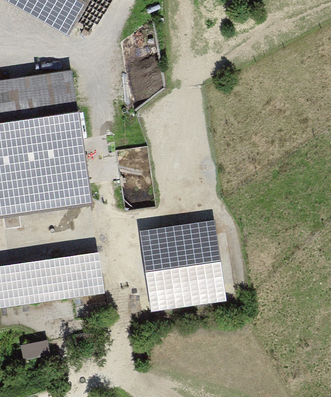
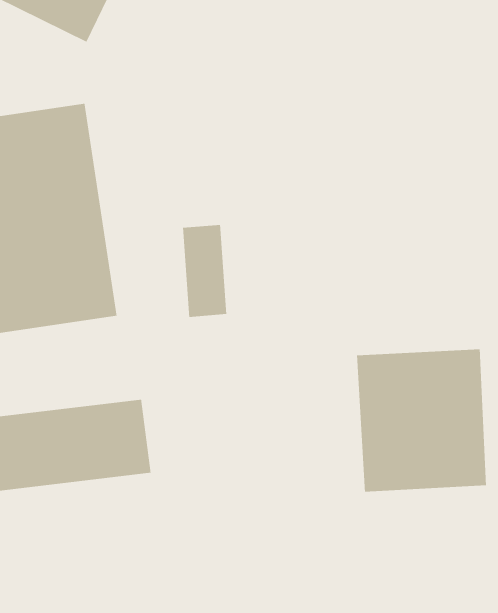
building: [139,220,220,309] -> [356,348,487,492]

